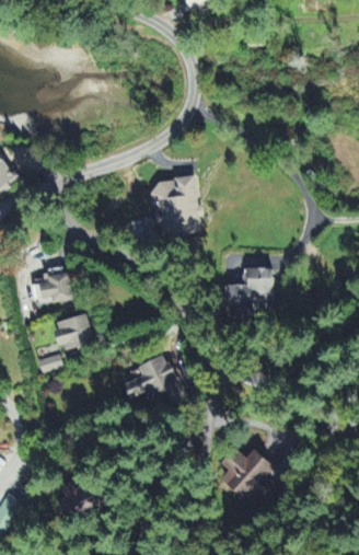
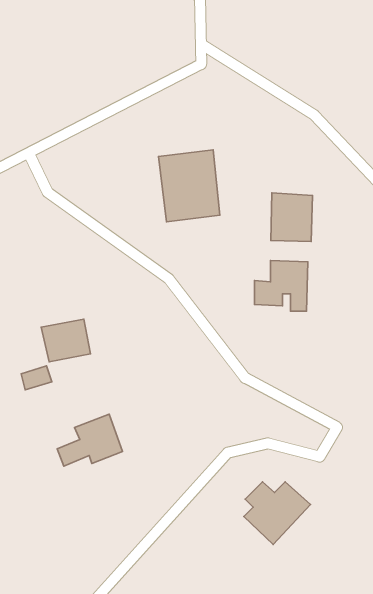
building: none -> [271,193,312,242]
building: [32,267,73,303] -> none
building: [124,355,177,397] -> [57,414,122,466]

